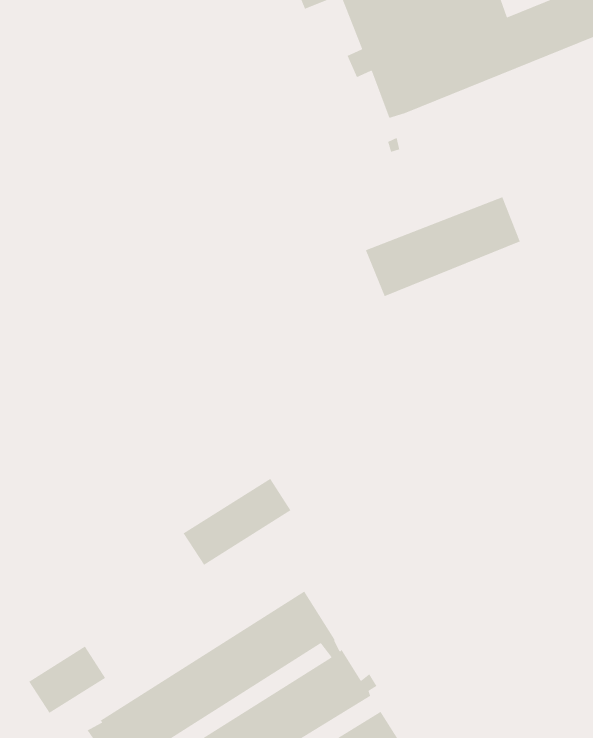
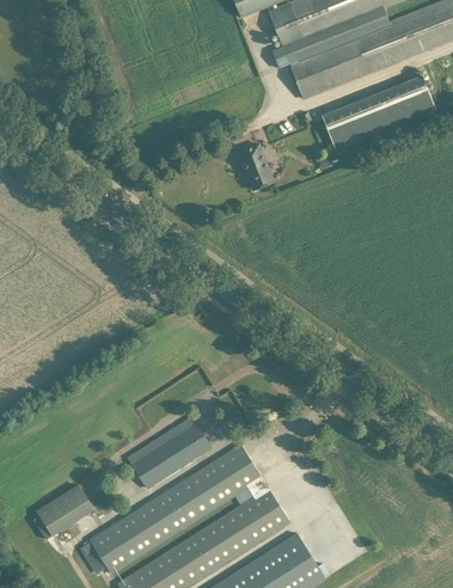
building: none -> [239,143,274,189]
building: [365,196,521,297] -> [322,75,436,149]
building: [183,478,291,566] -> [131,422,212,486]

